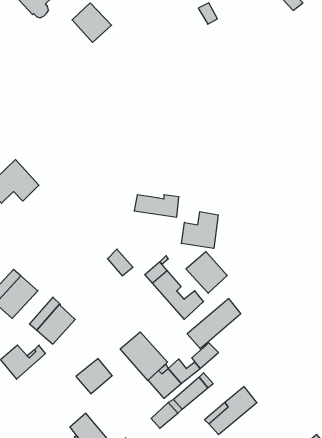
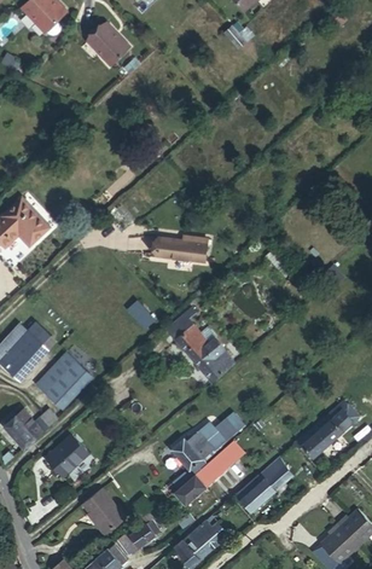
building: [181,212,218,248] -> none
building: [186,251,227,293] -> none
building: [187,299,241,349] -> [298,401,359,458]
building: [120,332,168,380] -> none
building: [76,359,112,394] -> [47,437,88,477]

